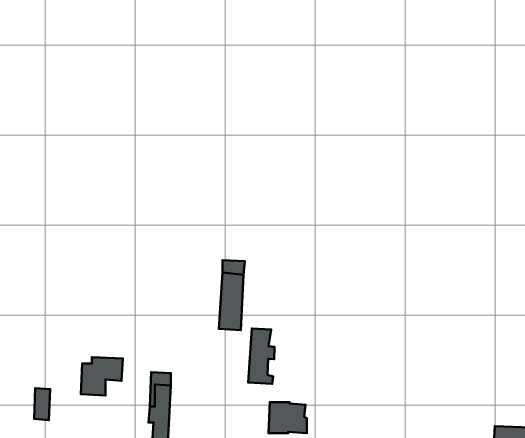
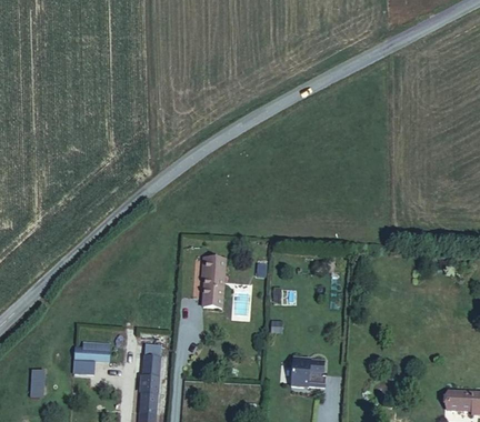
building: [248,328,274,384] -> none
building: [269,402,307,433] -> [291,363,326,391]

